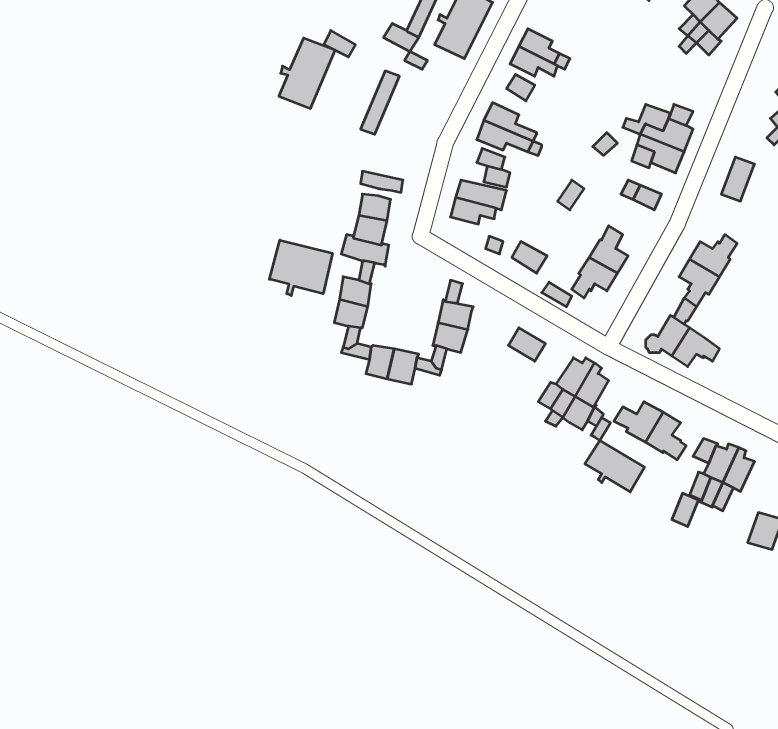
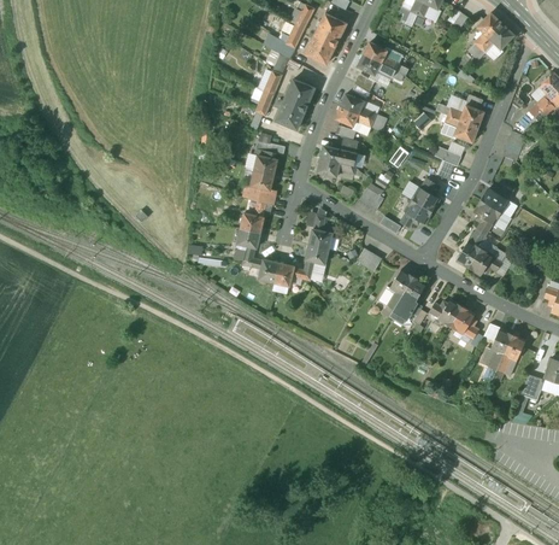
building: [279,38,335,108] -> [276,81,314,129]
building: [269,240,332,296] -> none
building: [585,440,644,492] -> none

